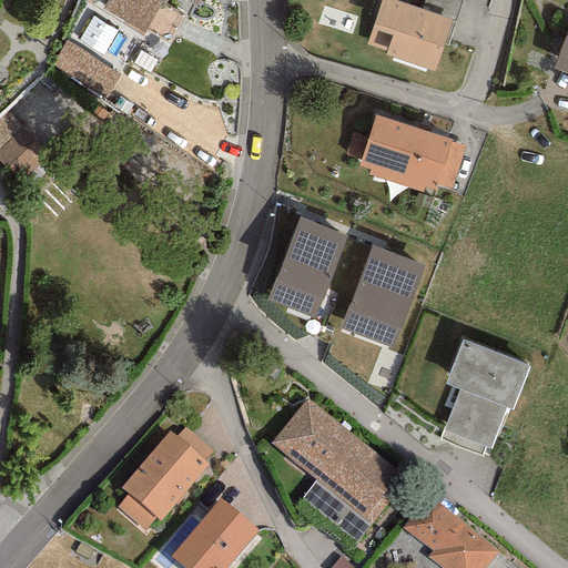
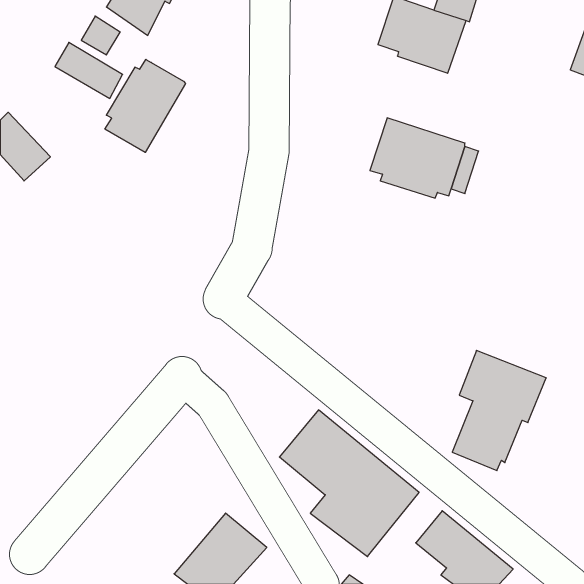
building: none -> [105,59,185,152]
building: [267,215,347,316] -> none
building: [341,244,424,347] -> none
building: [118,426,214,531] -> none

